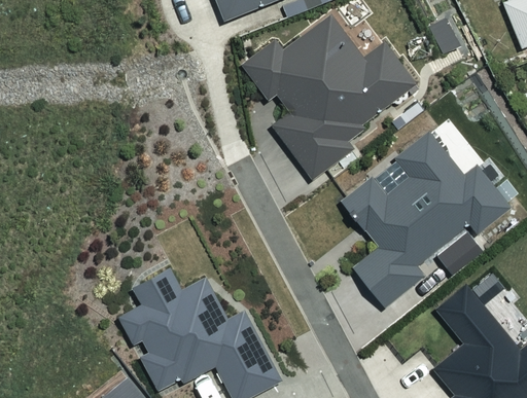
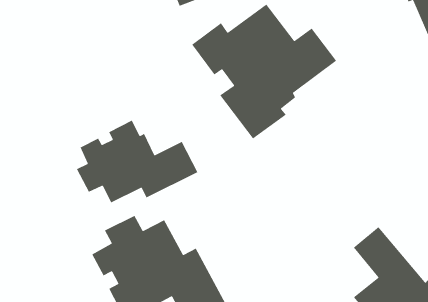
building: [342,128,511,305] -> none
building: none -> [76,120,199,203]

